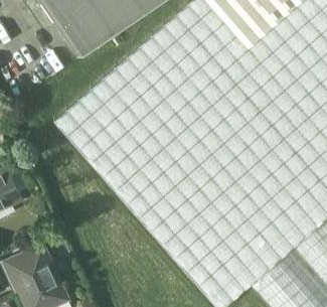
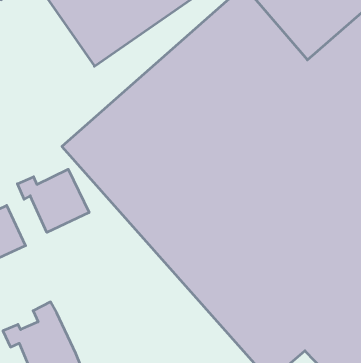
building: none -> [17,169,89,232]

